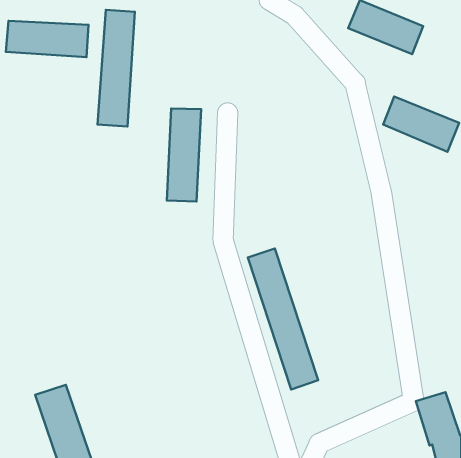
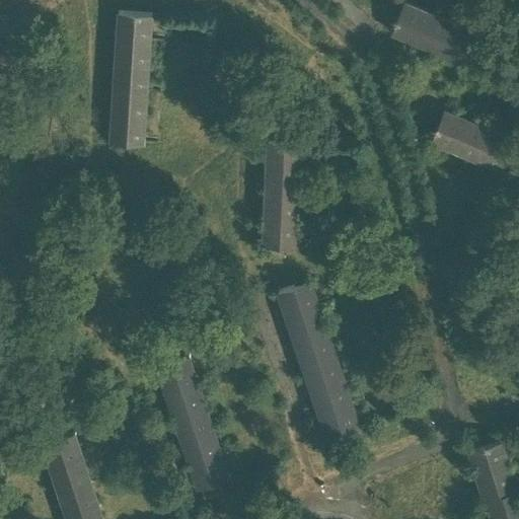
building: [6,21,89,57] -> none
building: [167,108,201,201] -> [262,144,300,248]
building: none -> [154,359,228,492]

